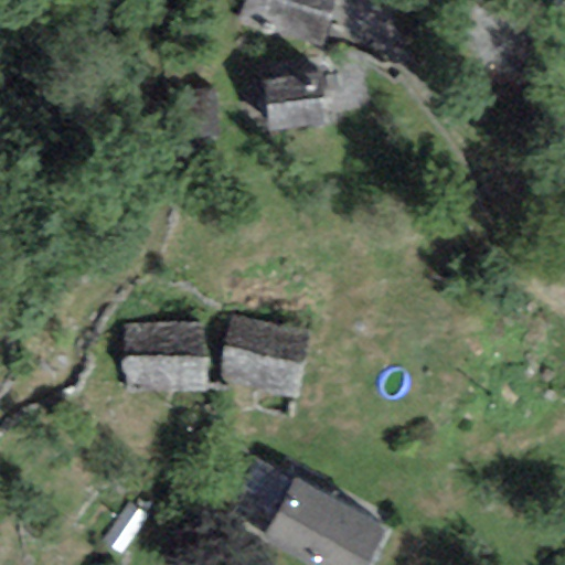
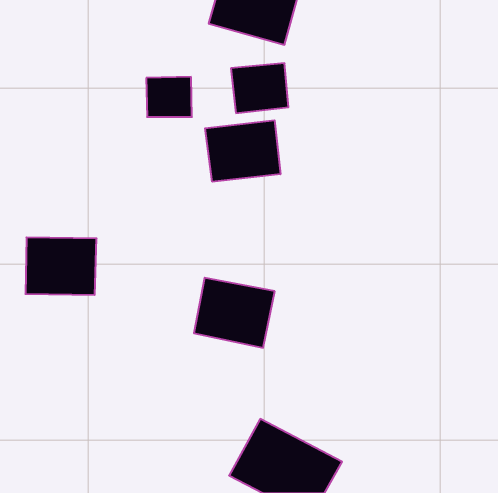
building: none -> [205,120,280,182]
building: [126,322,206,387] -> [25,237,97,295]

